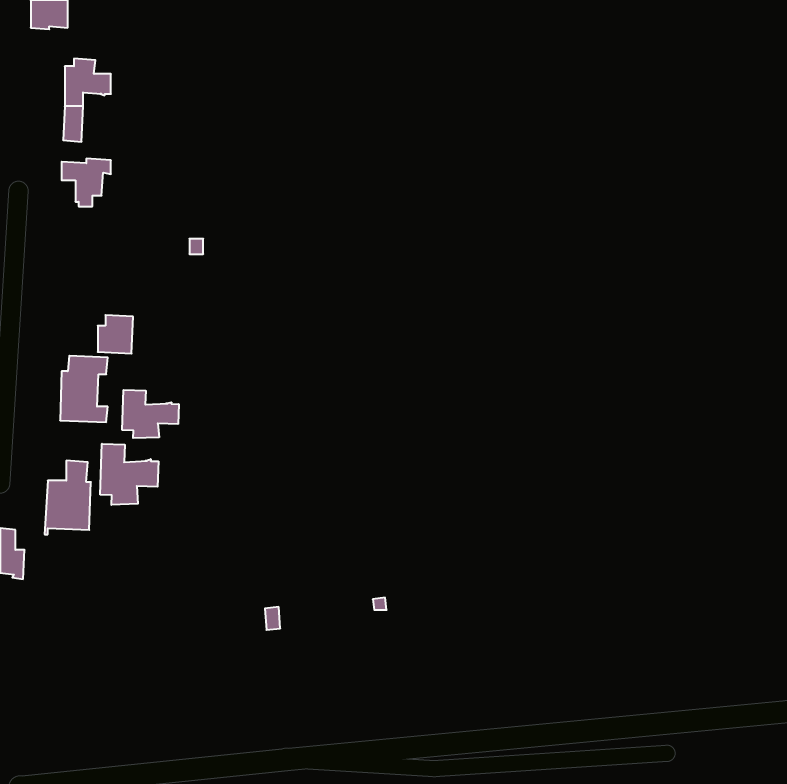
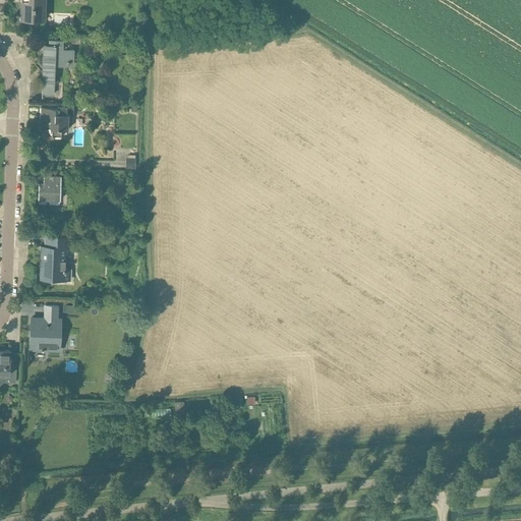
building: [98,315,133,354] -> [38,176,61,201]
building: [122,390,179,438] -> none
building: [100,444,158,505] -> none

